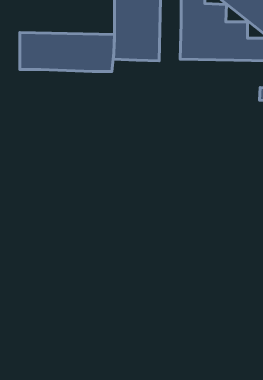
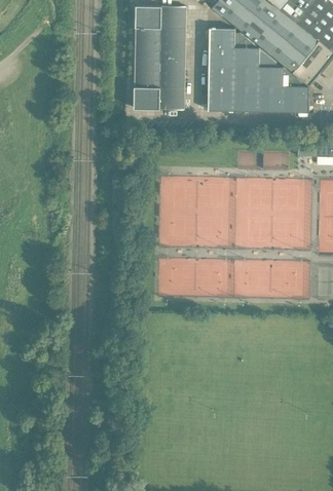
building: [20,33,115,71] -> none

